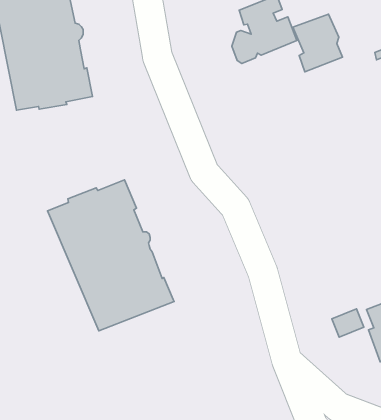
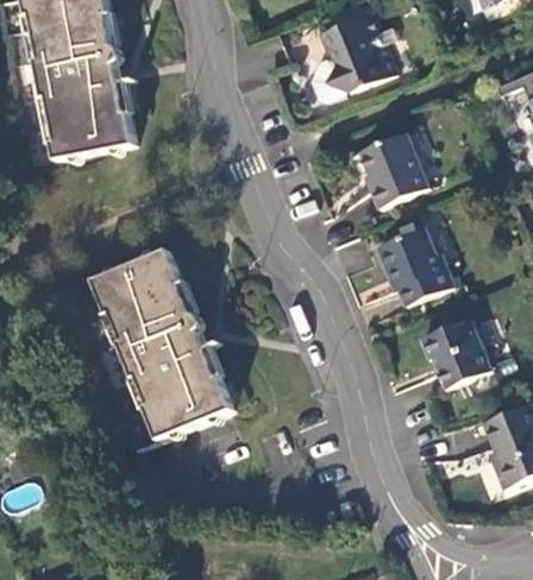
building: [293,14,342,72] -> [360,132,425,207]
building: none -> [377,227,454,304]
building: none -> [424,319,495,387]

